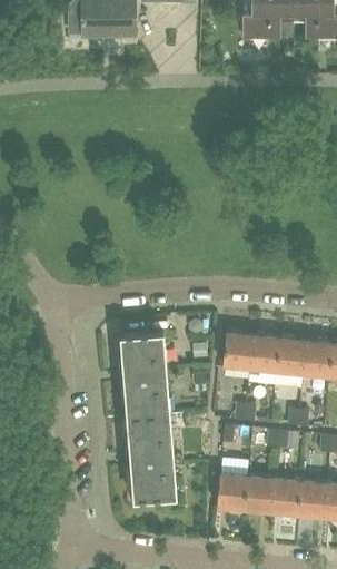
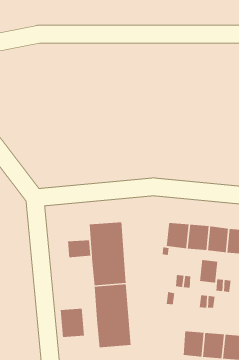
building: none -> [67,240,91,258]
building: none -> [199,259,218,284]
building: none -> [60,308,85,338]
building: [217,473,247,510] -> none

